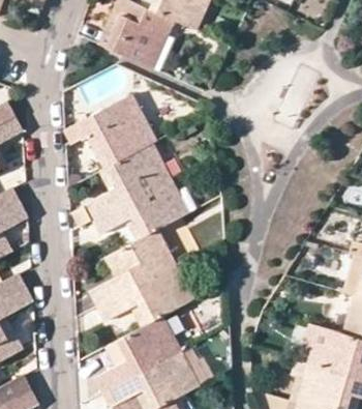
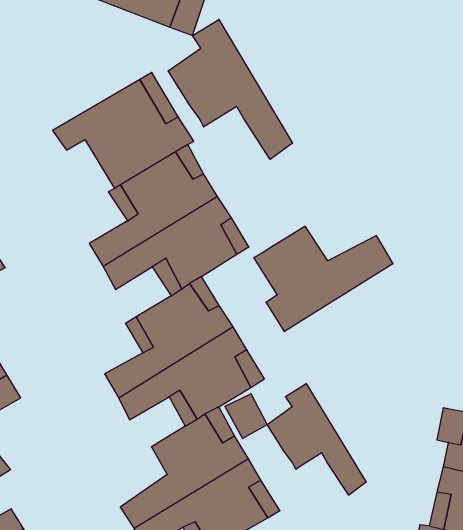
building: none -> [168,19,293,159]
building: none -> [254,226,393,332]
building: none -> [267,384,366,495]

